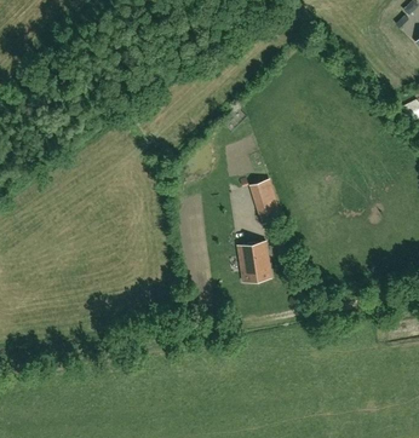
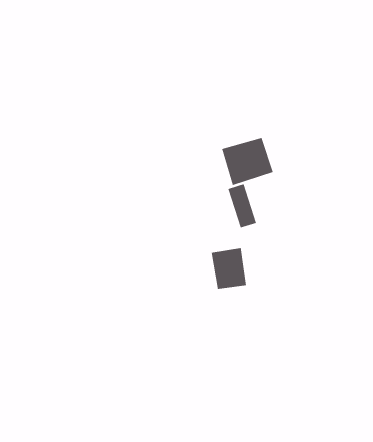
building: none -> [222,137,273,186]

